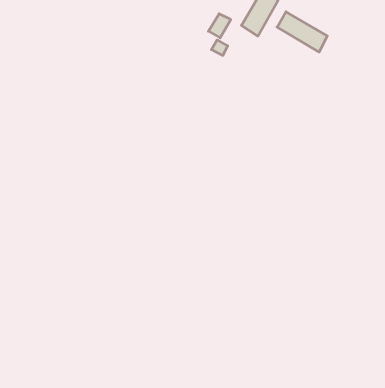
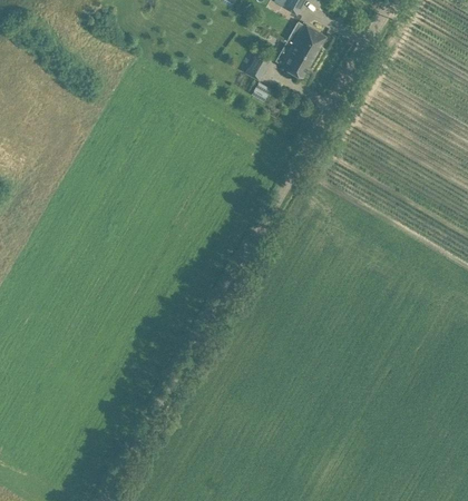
building: [277,12,327,52] -> none

